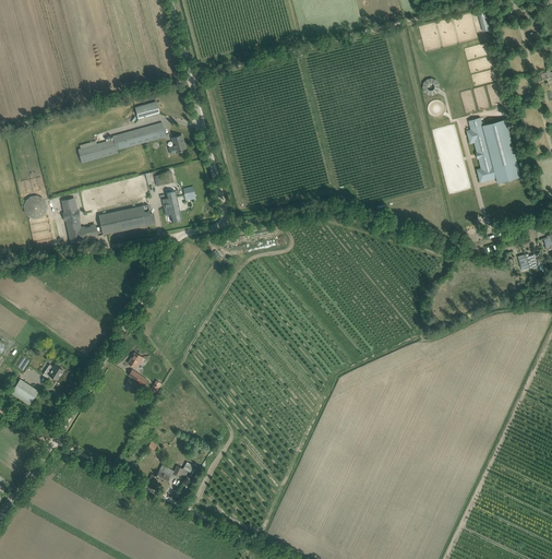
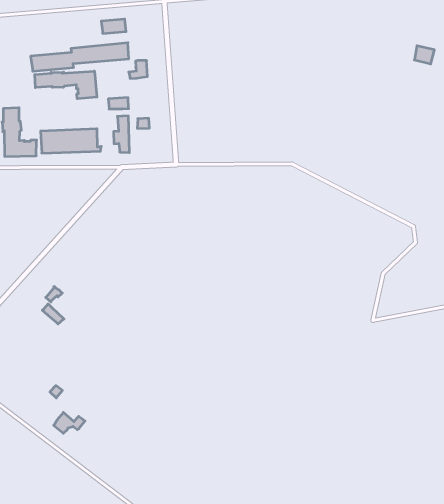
building: none -> [35,71,97,99]

